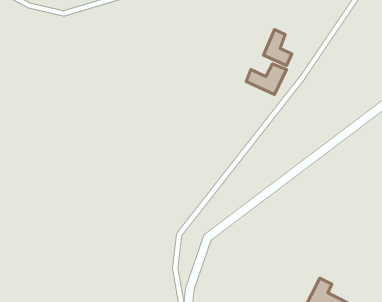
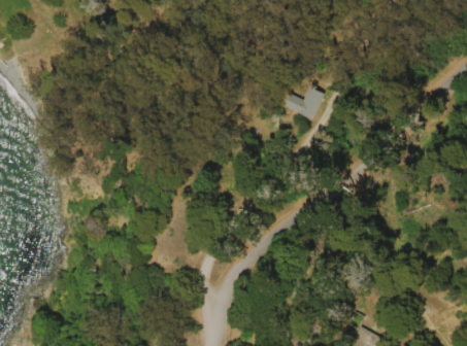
building: [264,29,292,66] -> none

